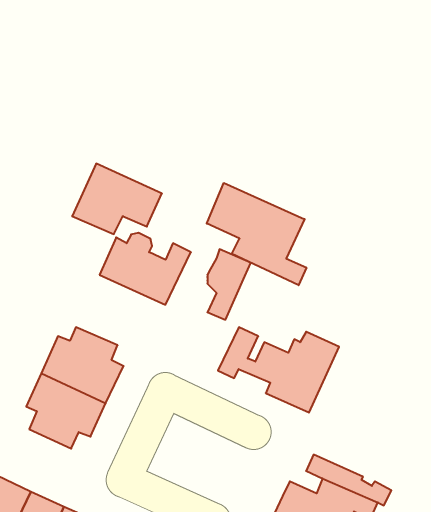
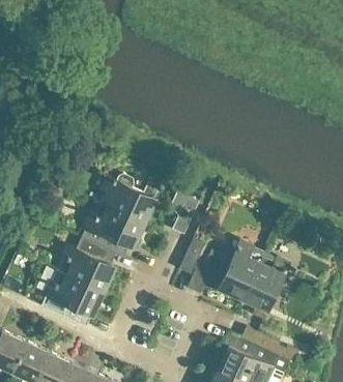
building: [72,164,162,234] -> [80,204,142,253]
building: [207,183,306,285] -> none
building: none -> [241,254,288,317]

